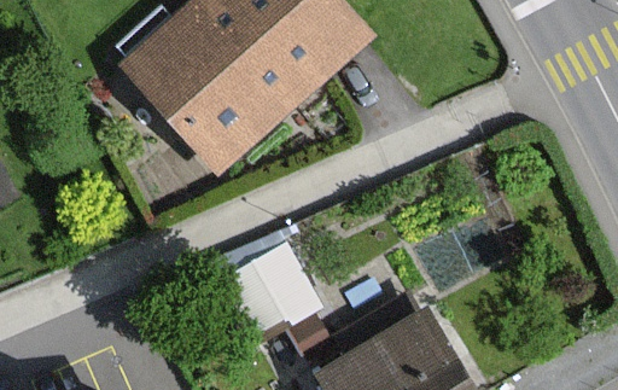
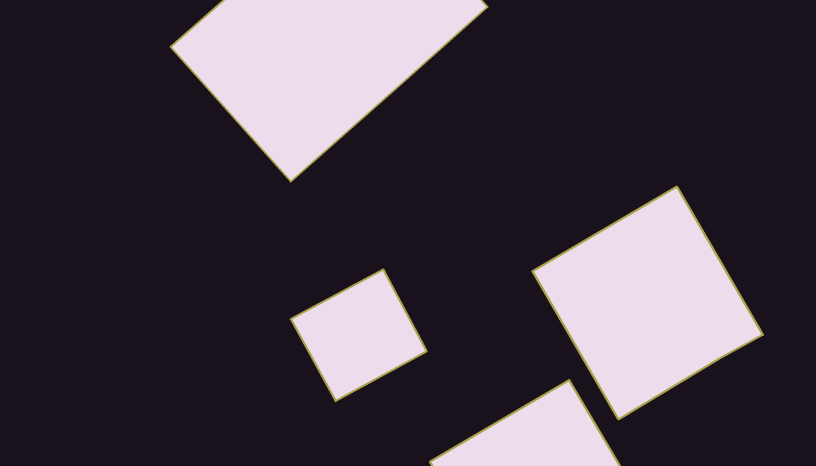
building: none -> [532,187,763,419]

